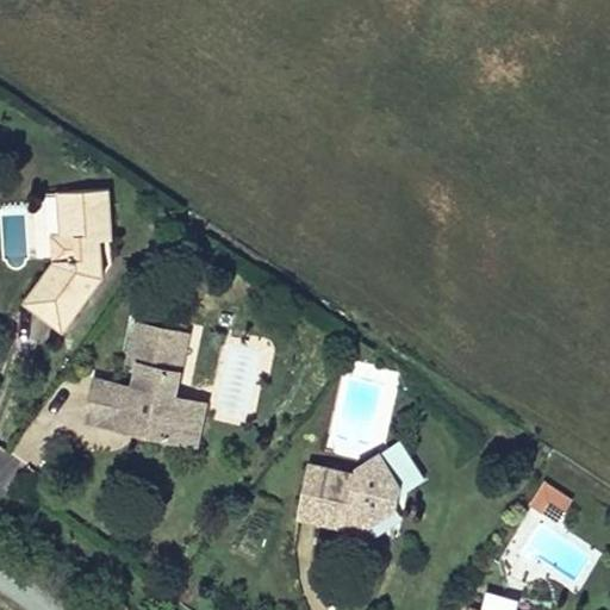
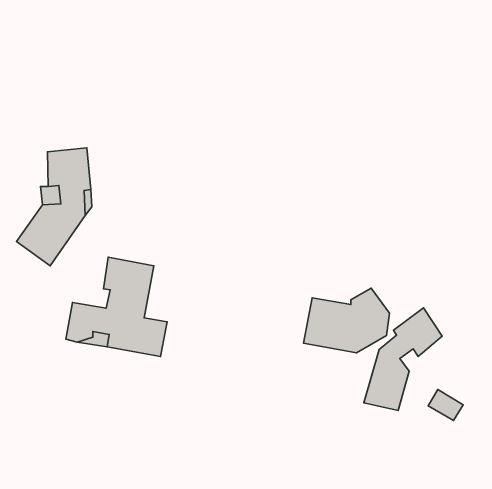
building: none -> [364,308,442,410]
building: [295,452,402,531] -> [303,288,389,353]

